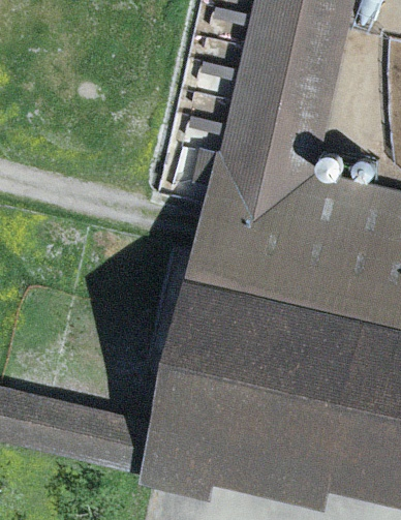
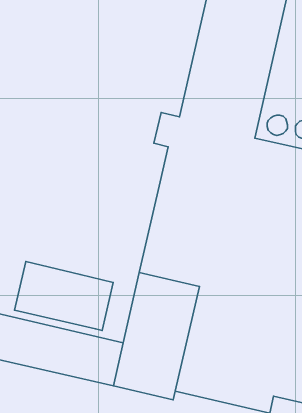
building: none -> [14,262,113,331]

